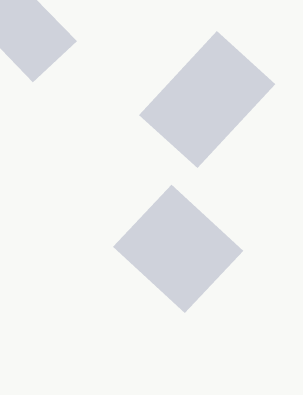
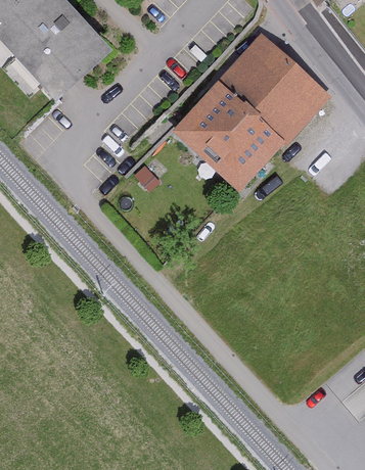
building: [112,184,244,314] -> none

